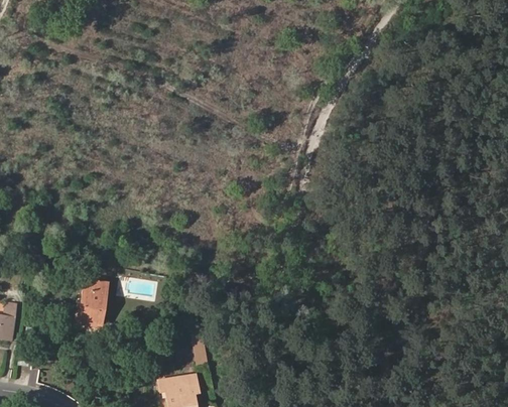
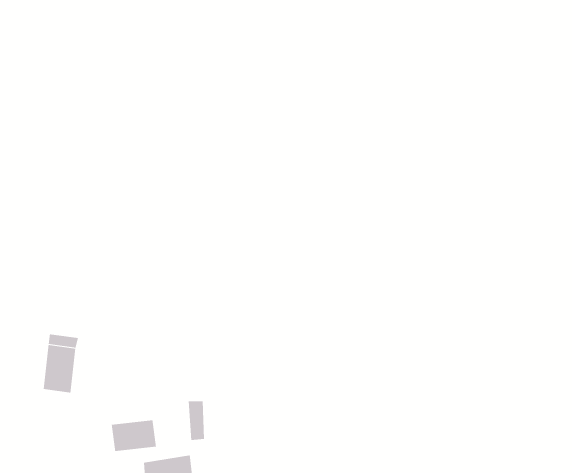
building: none -> [111,419,156,452]

